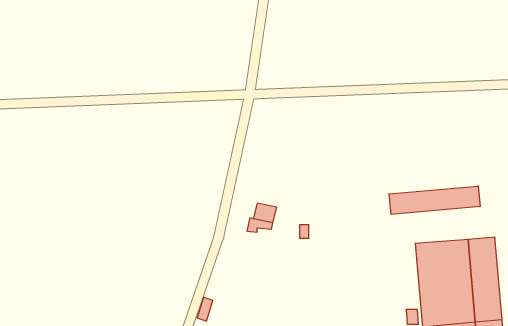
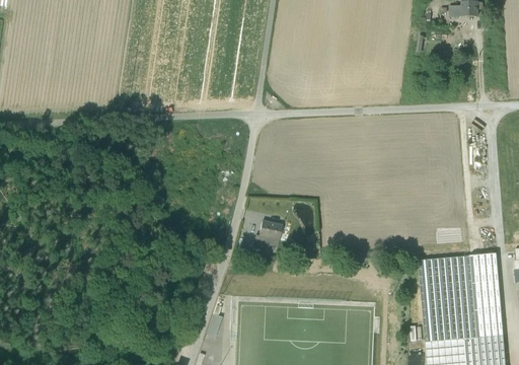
building: [389,186,480,214] -> none

